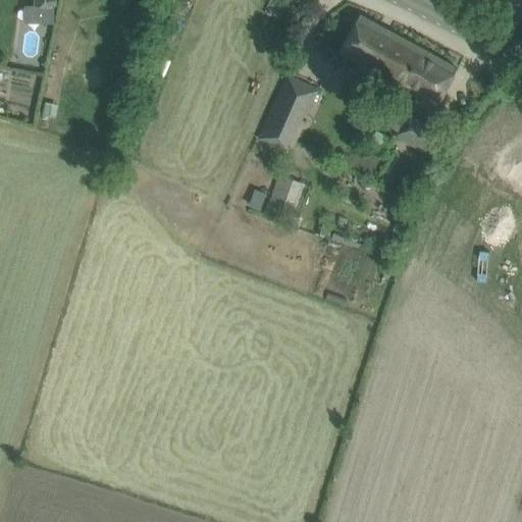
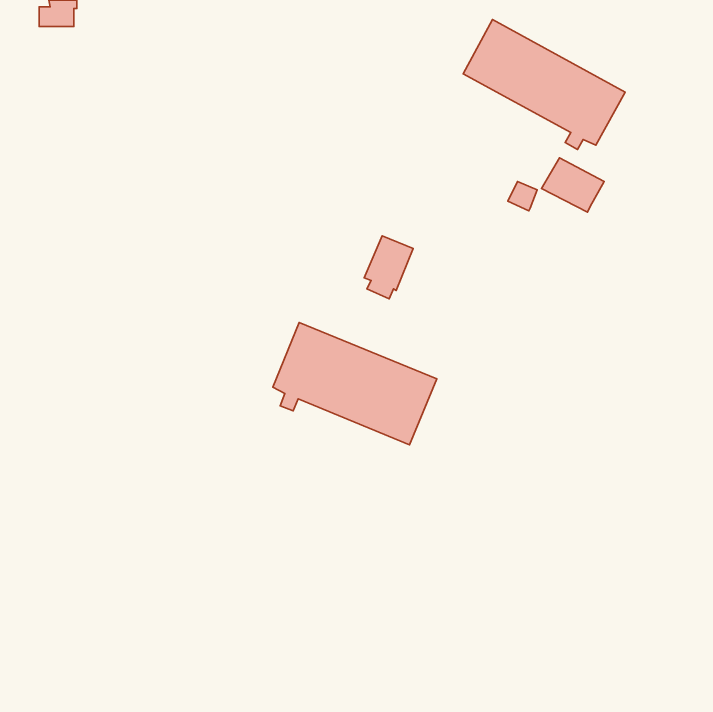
building: [259,75,318,152] -> none
building: none -> [273,323,437,445]

